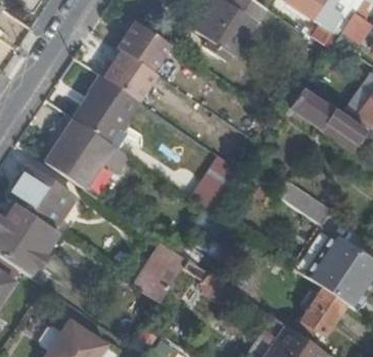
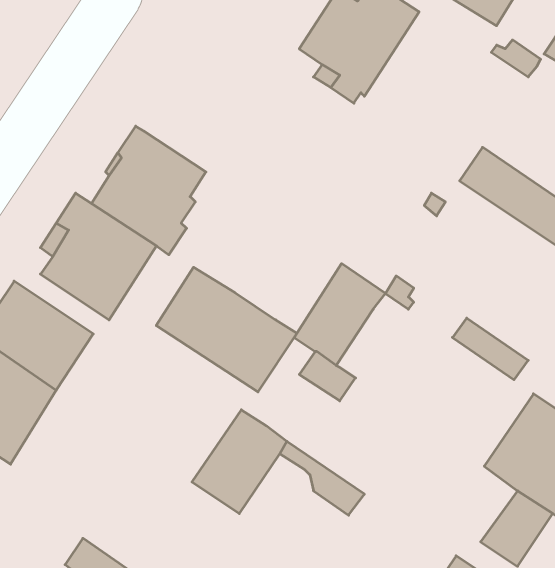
building: [105,22,172,102] -> none
building: none -> [156,267,297,392]

